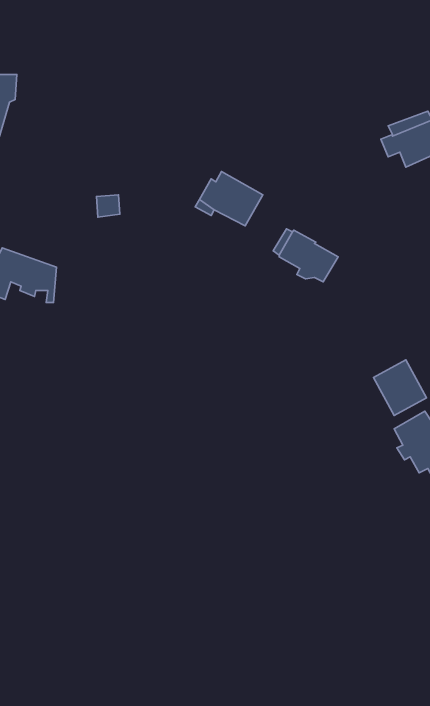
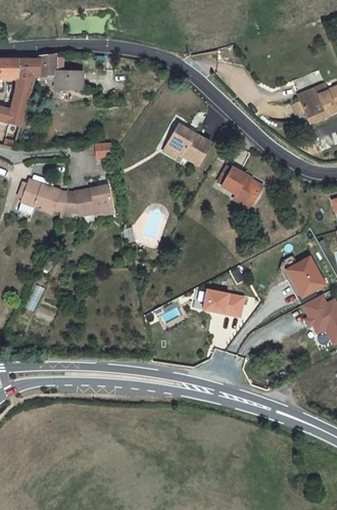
building: none -> [39,53,82,88]
building: none -> [65,185,112,217]
building: none -> [202,287,245,318]

